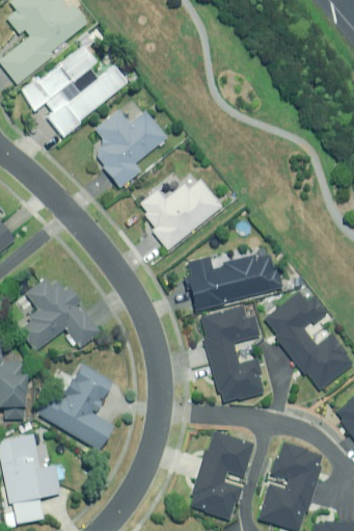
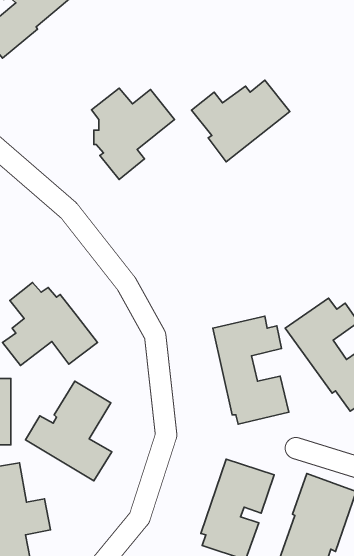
building: [21,45,128,135] -> none
building: [138,180,223,250] -> [191,80,290,162]
building: [187,256,282,310] -> none

